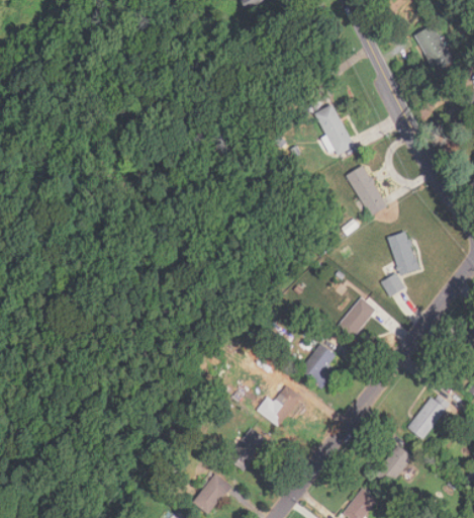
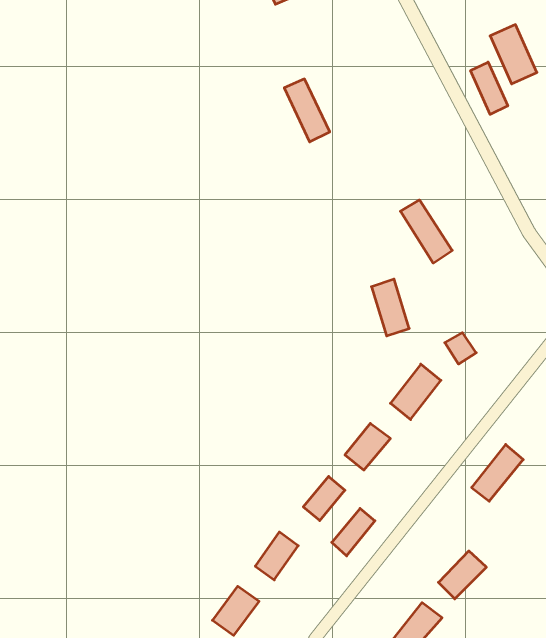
building: none -> [471,62,508,114]
building: [317,105,354,156] -> [284,79,330,142]
building: [387,228,417,273] -> [371,279,409,336]
building: [408,393,450,438] -> [472,444,523,501]
building: none -> [332,508,375,556]

